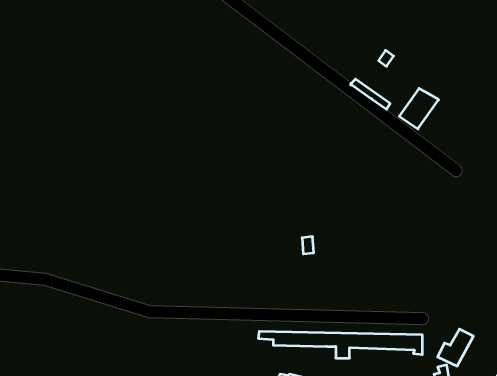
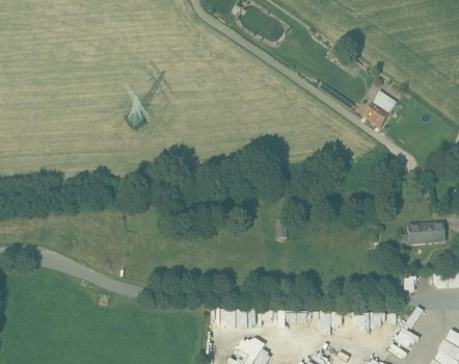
building: none -> [407,224,443,243]

